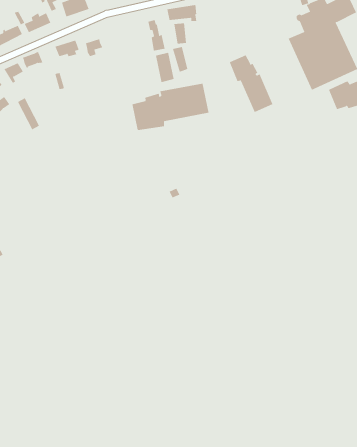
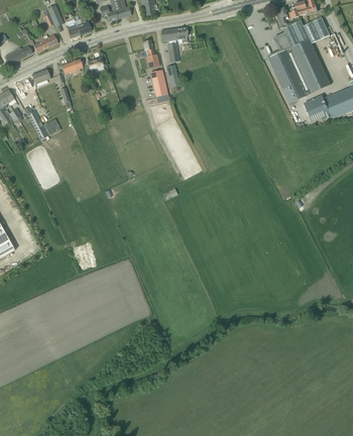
building: [229,55,273,113] -> none
building: [132,83,209,131] -> none

